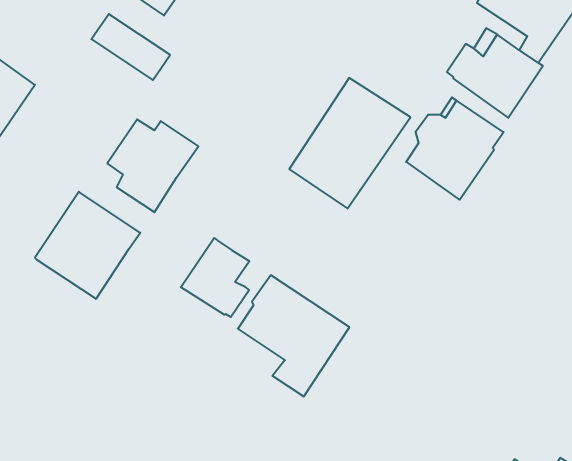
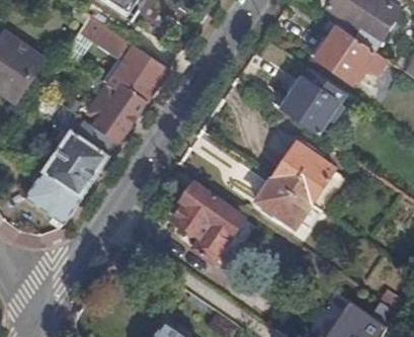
building: none -> [103,41,168,100]
building: [289,78,410,209] -> [256,143,334,227]
building: [181,238,249,317] -> none
building: none -> [26,173,81,224]

